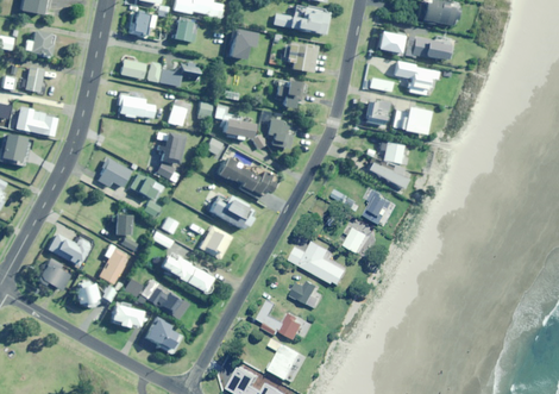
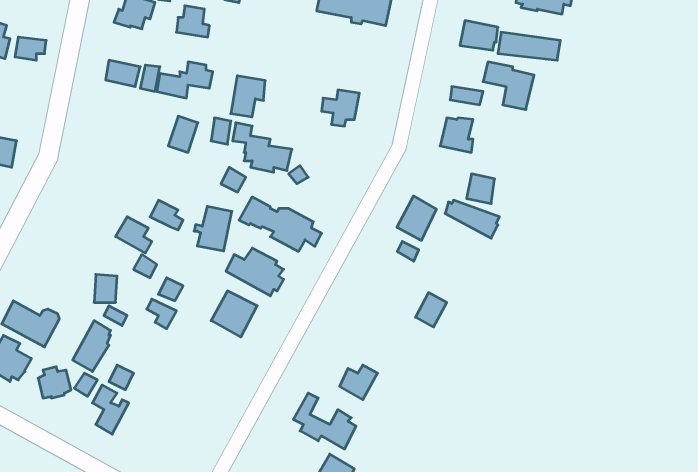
building: [232,29,257,58] -> [231,76,265,117]
building: [282,39,318,71] -> none
building: [118,94,157,117] -> none
building: [390,107,429,133] -> none
building: [269,118,295,148] -> none
building: [157,131,184,163] -> [194,206,232,251]
building: [98,156,131,187] -> none
building: [364,192,392,224] -> [397,196,436,240]
building: [301,240,343,283] -> none
building: [168,255,213,292] -> none
building: [146,286,189,319] -> none
building: [145,319,176,349] -> none

